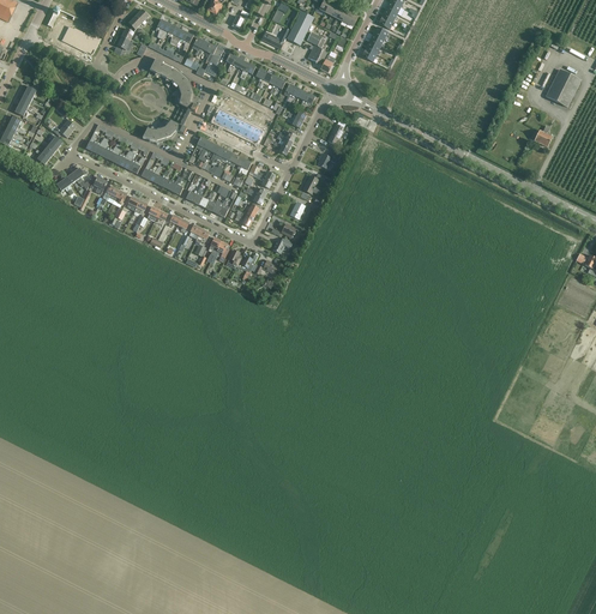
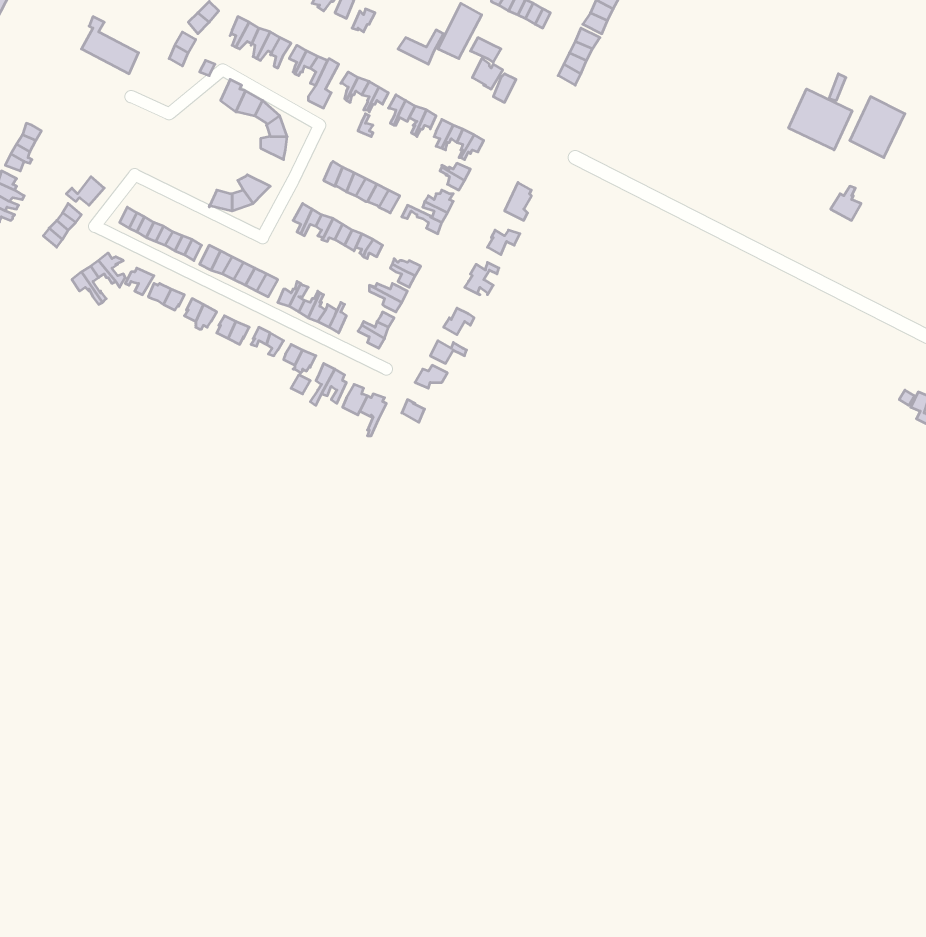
building: none -> [789,89,852,150]

